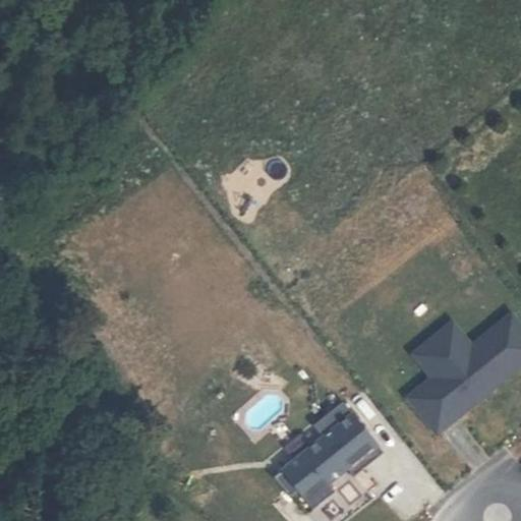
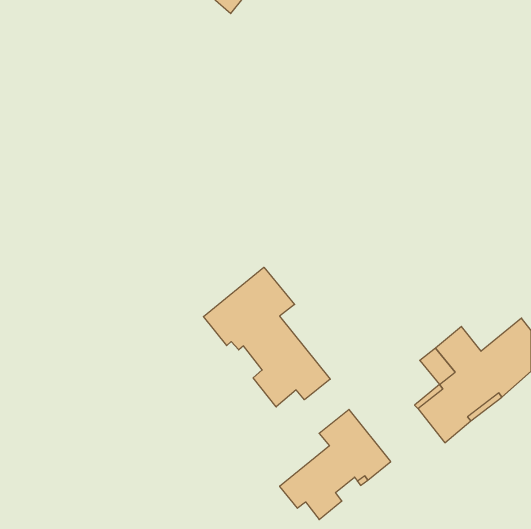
building: none -> [203,267,330,407]

